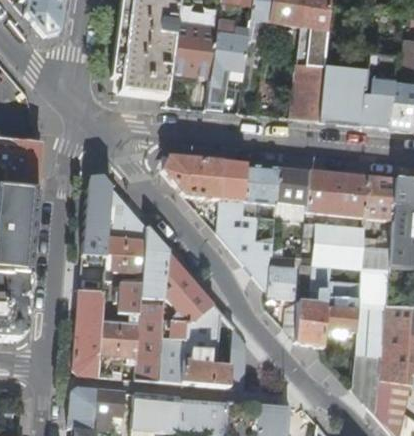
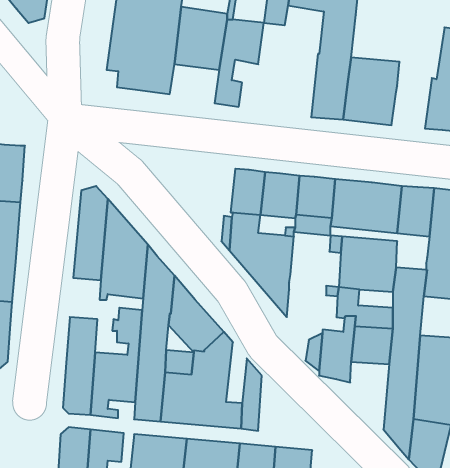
building: [360,52,398,127] -> none
building: [165,157,224,200] -> none
building: [268,267,299,299] -> none

